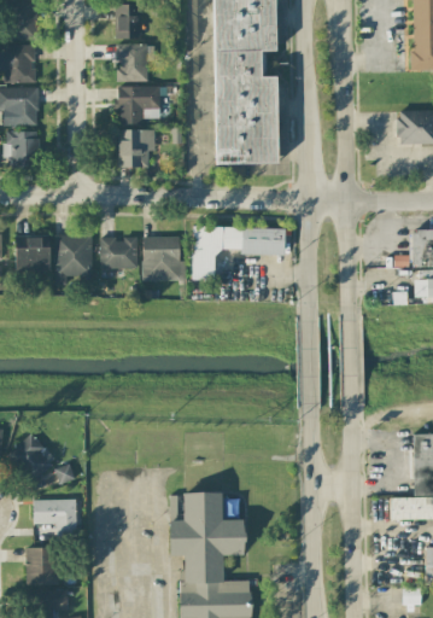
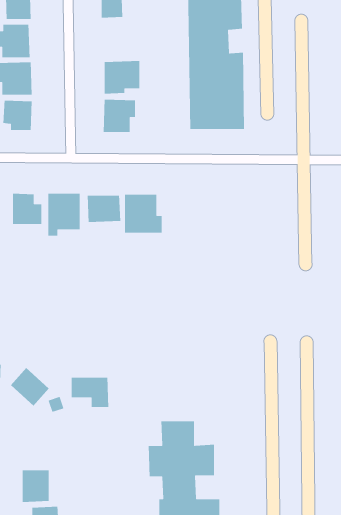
building: [117,45,154,81] -> none
building: [192,227,286,281] -> none
building: [34,500,77,535] -> [71,377,109,408]

